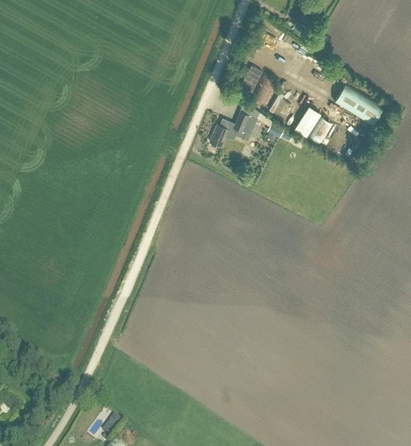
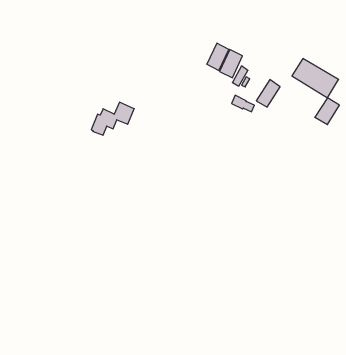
building: [209,112,256,148] -> [91,102,134,135]
building: [305,116,332,145] -> [315,98,339,125]

